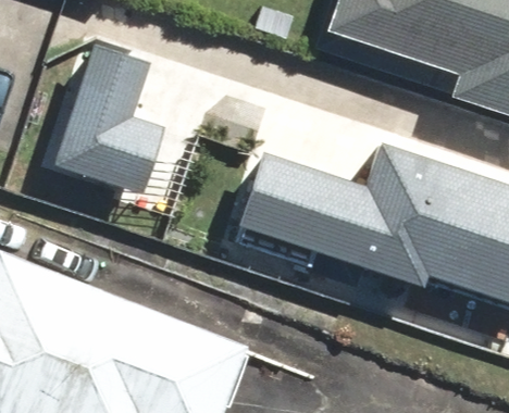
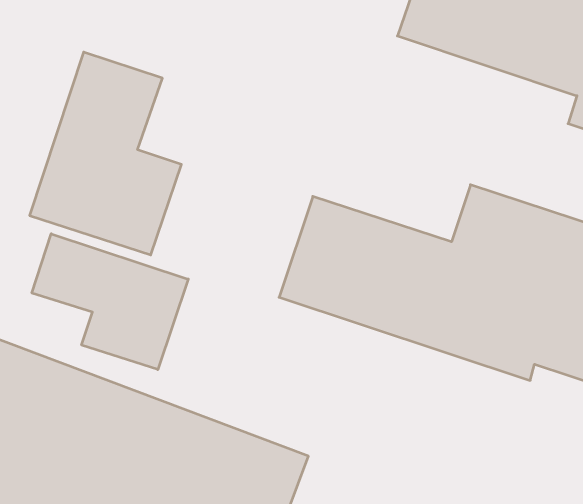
building: none -> [32,234,188,370]

